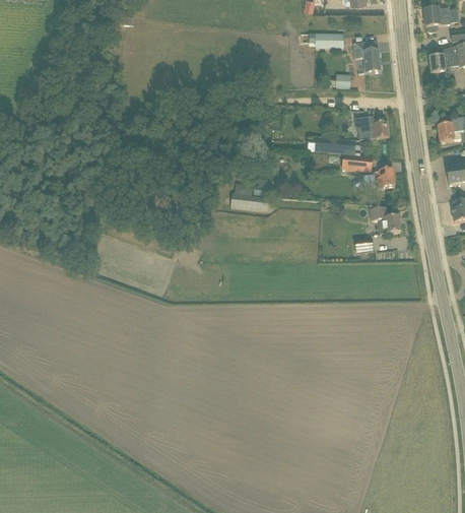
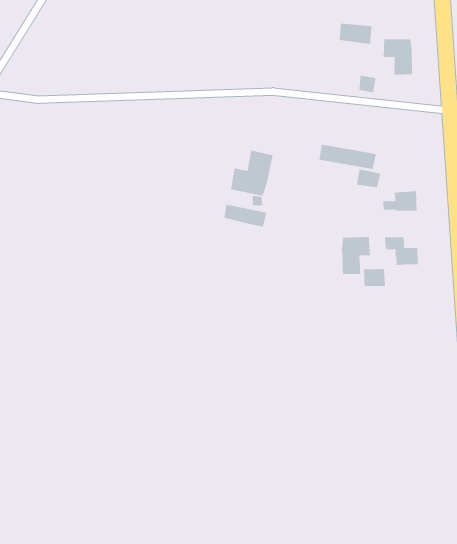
building: [354,116,389,139] -> none
building: none -> [230,149,273,196]
building: none -> [341,236,371,275]

